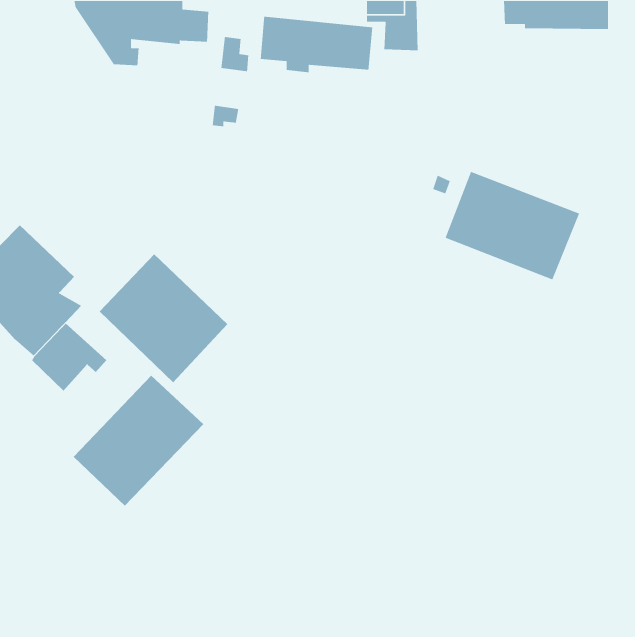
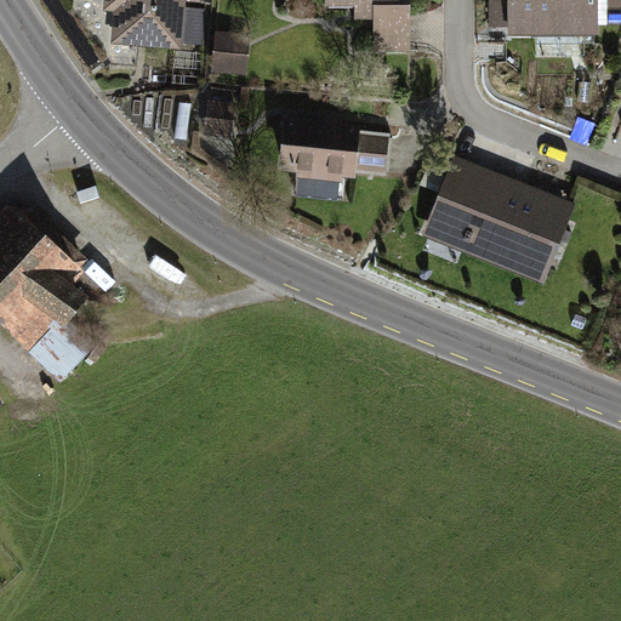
building: [260,16,373,73] -> [281,123,392,178]
building: [99,253,228,383] -> none
building: [73,375,204,507] -> none

